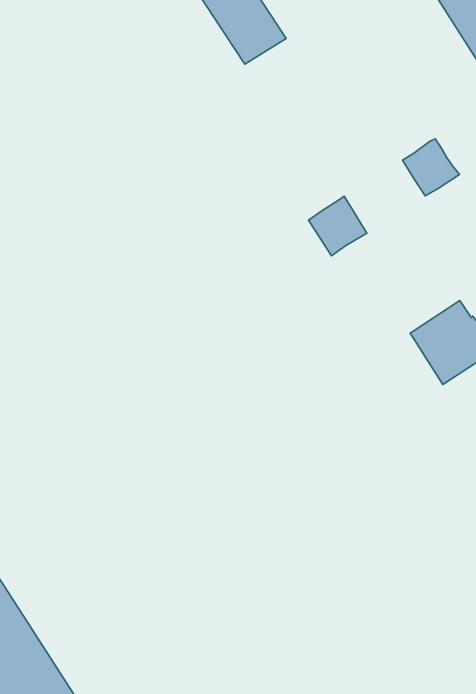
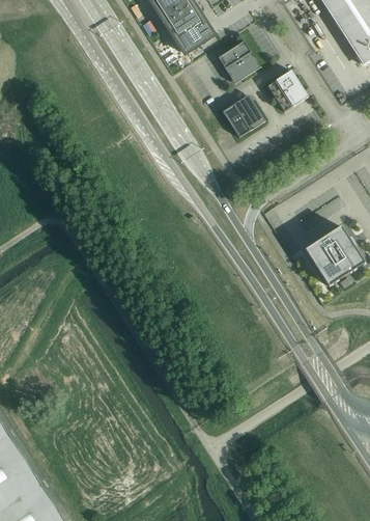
building: none -> [218,39,260,83]
building: [403,139,459,196] -> [266,70,308,111]
building: [309,196,367,256] -> [222,93,264,137]

